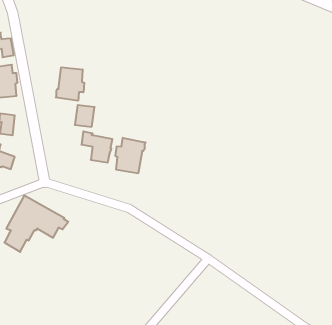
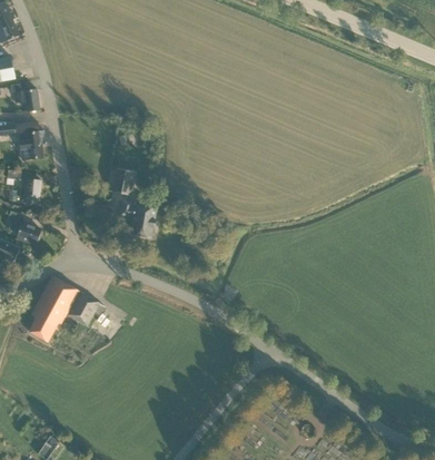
building: [56,67,84,101] -> none
building: [115,138,146,173] -> none

